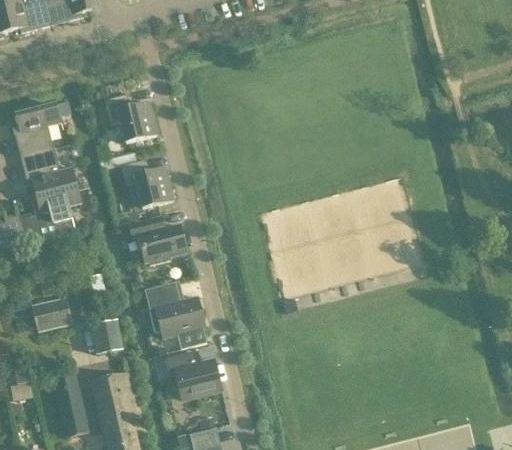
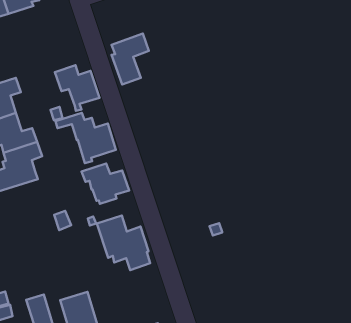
building: none -> [111,34,149,85]
building: [35,301,67,331] -> none
building: [91,319,120,353] -> none
building: [153,350,221,398] -> none

